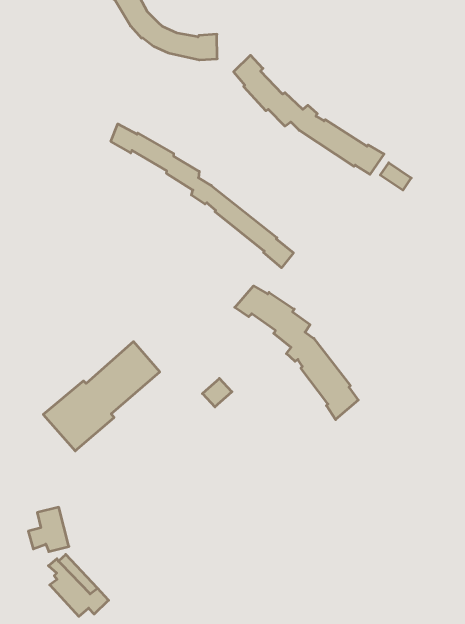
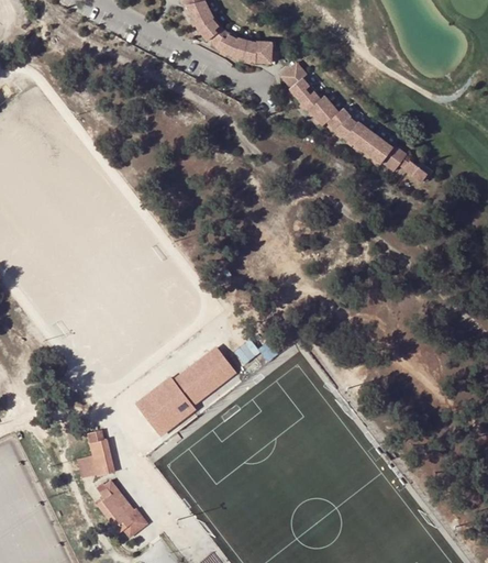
building: [111,124,293,268] -> none
building: [235,286,358,420] -> none
building: [43,342,160,451] -> [132,346,234,437]

